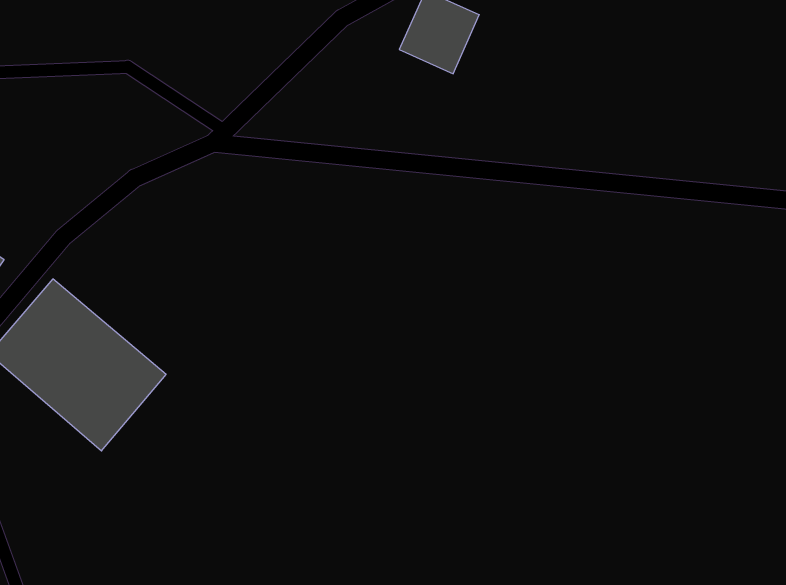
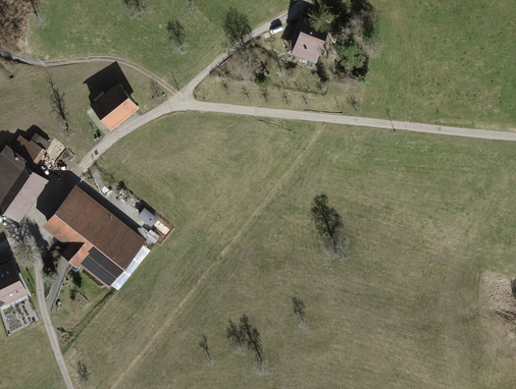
building: none -> [90,80,139,128]

